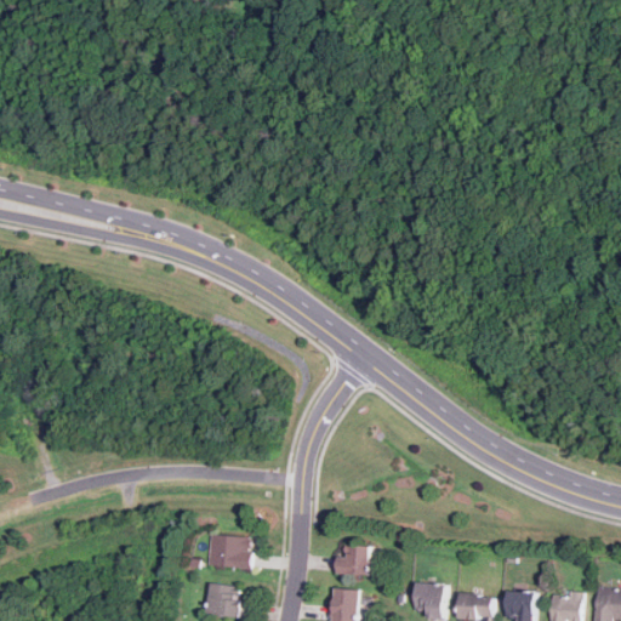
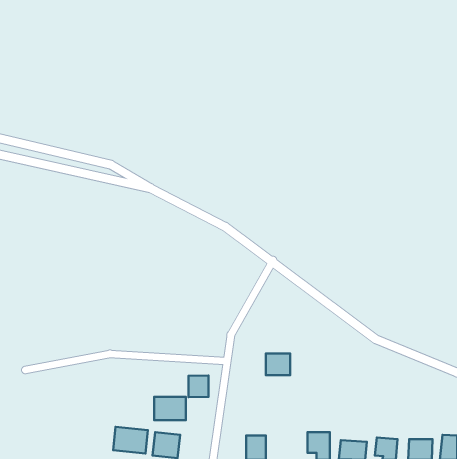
building: none -> [189,376,209,397]
building: [336,546,369,575] -> [266,354,290,375]
building: none -> [113,427,148,454]

